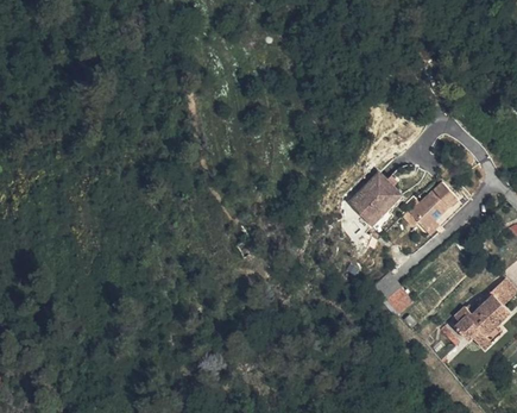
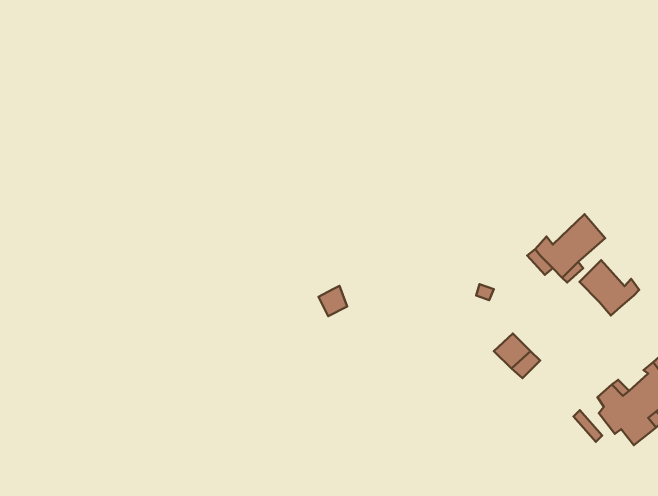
building: [351,168,404,221] -> none
building: none -> [579,260,639,316]

